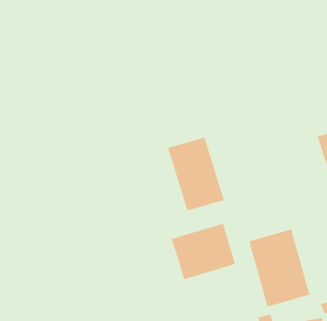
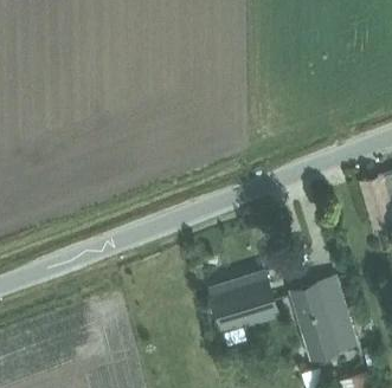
building: [168,137,224,211] -> none

